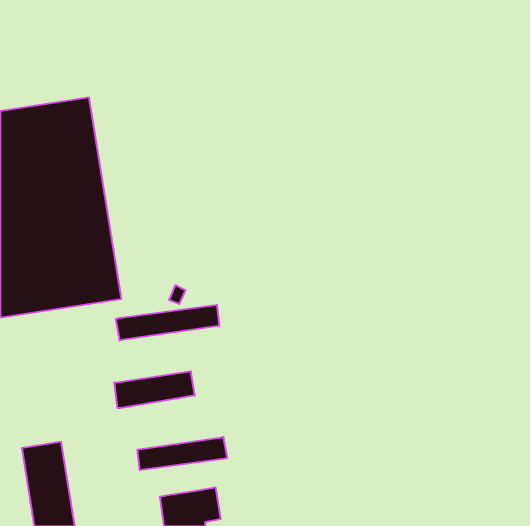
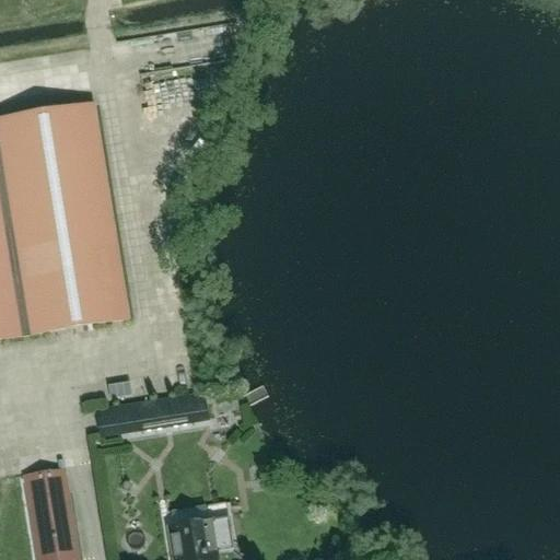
building: [116,305,219,341] -> none
building: [138,437,227,470] -> none

